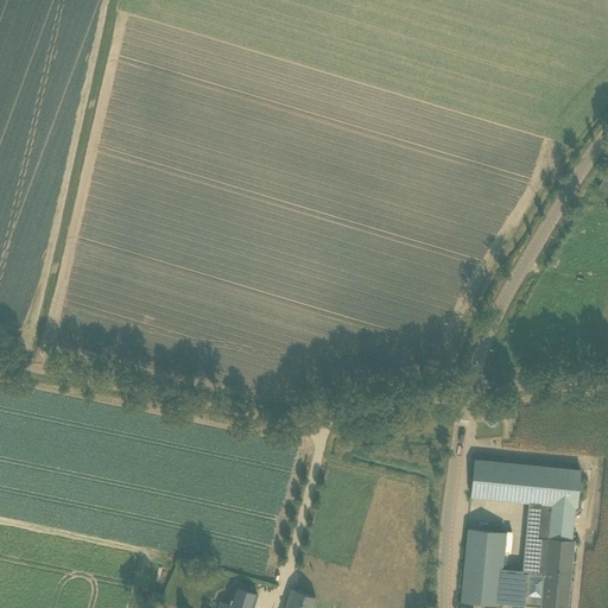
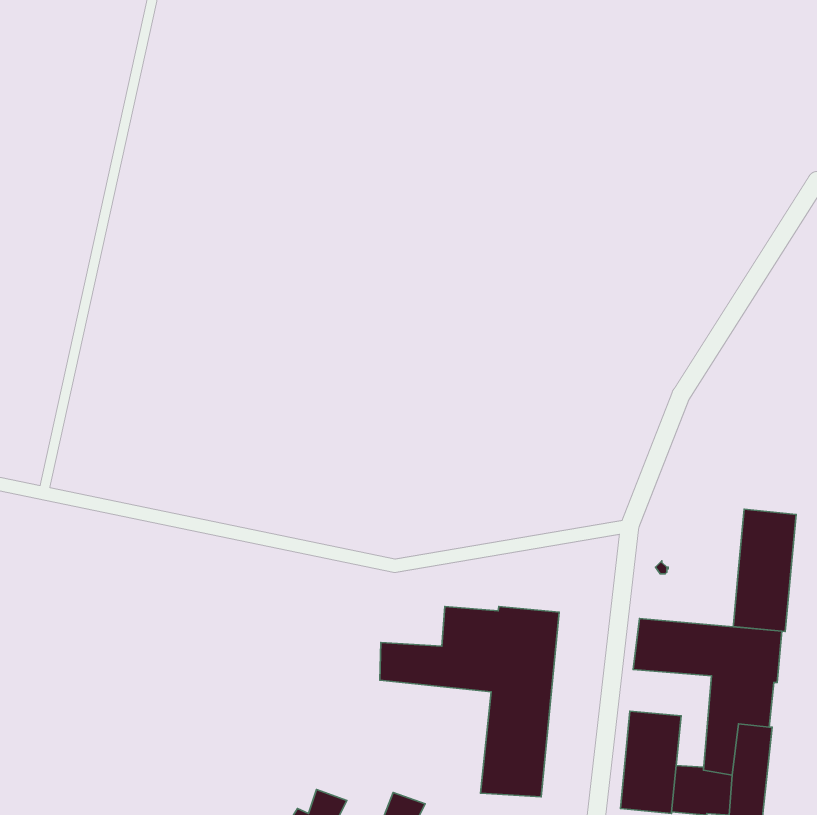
building: none -> [733,509,796,632]
building: none -> [380,607,559,797]

